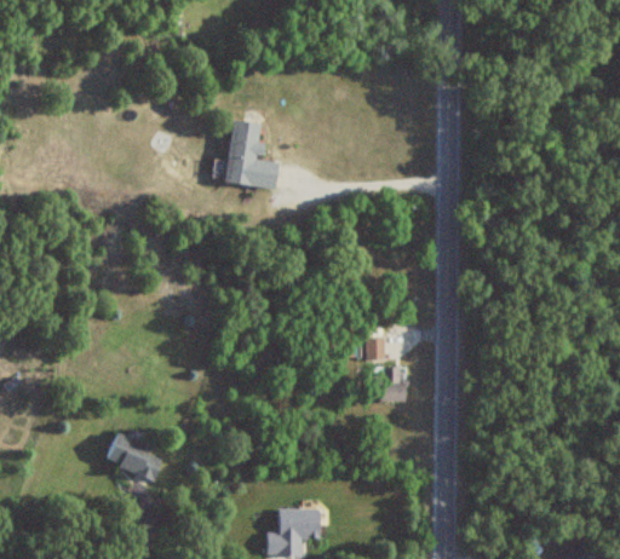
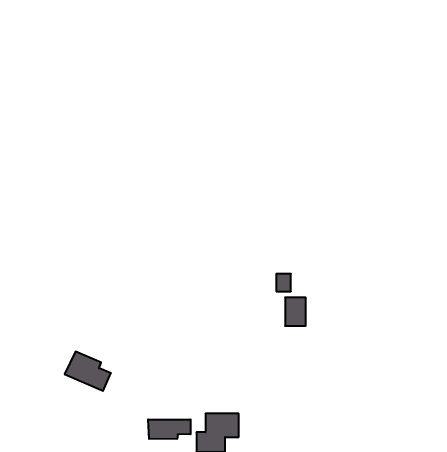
building: [225,120,279,188] -> none
building: none -> [148,419,191,439]

